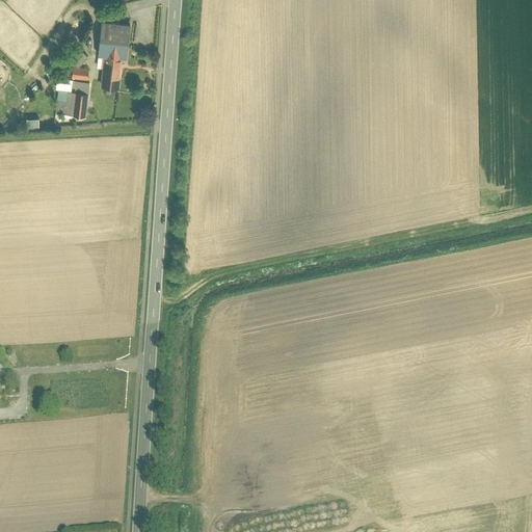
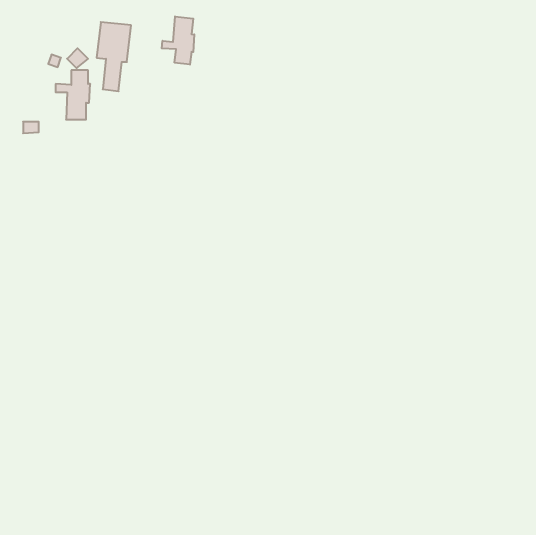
building: none -> [162,16,194,65]

